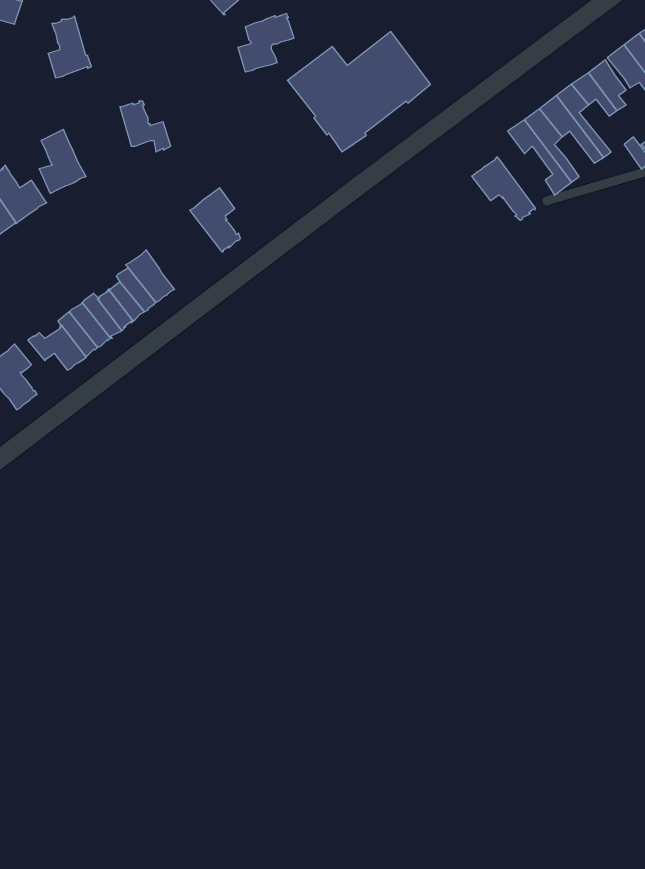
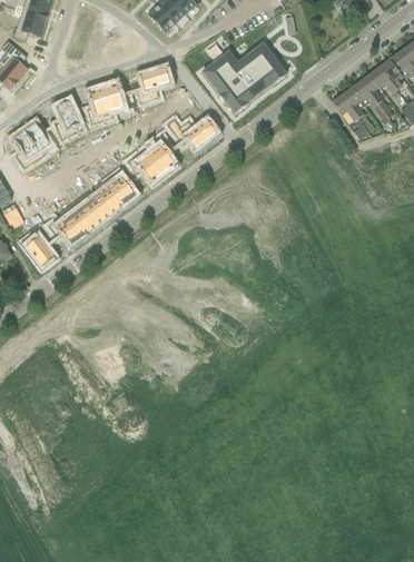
building: [238,14,294,72] -> [136,67,169,101]
building: [48,16,91,78] -> [87,86,112,122]
building: [472,157,535,220] -> none
building: none -> [167,118,216,147]
building: none -> [127,147,162,180]

